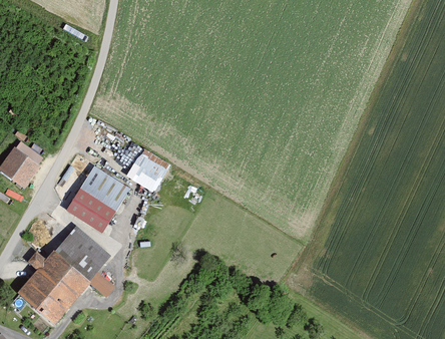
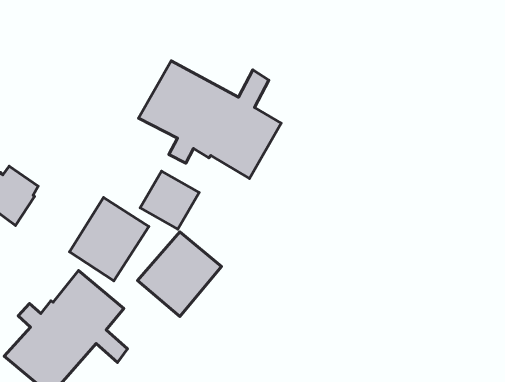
building: none -> [139,61,281,179]
building: none -> [137,232,222,317]

